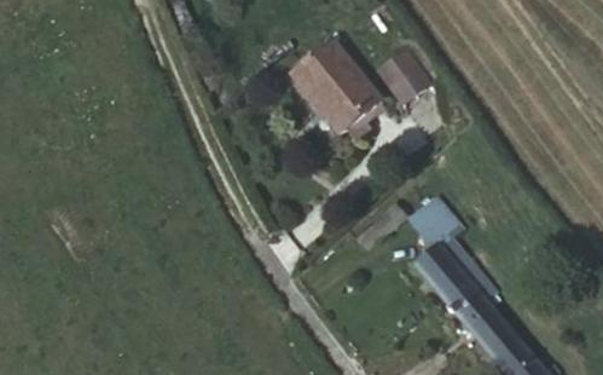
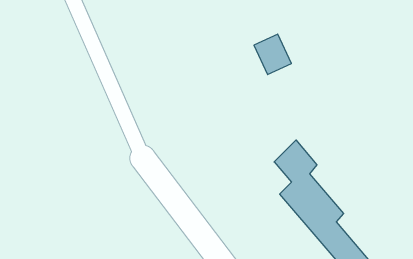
building: [300,47,382,127] -> none

